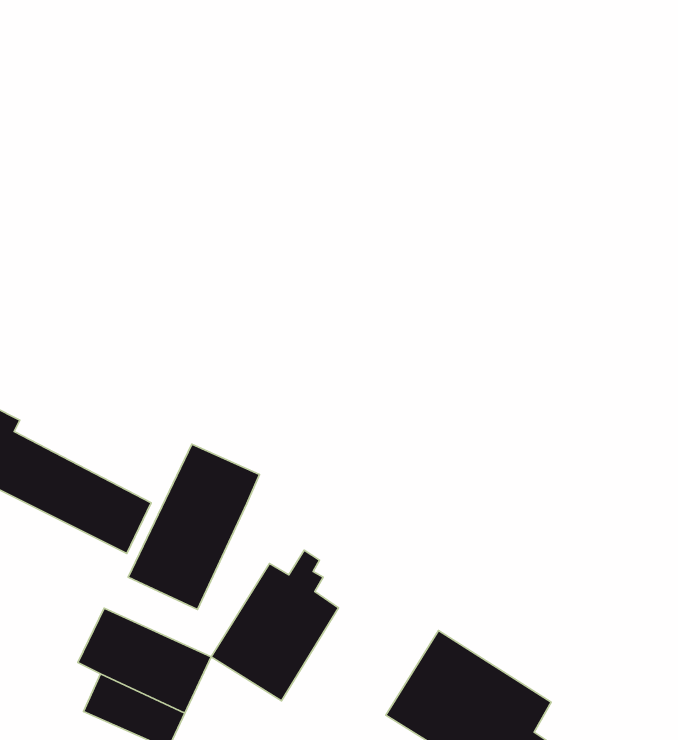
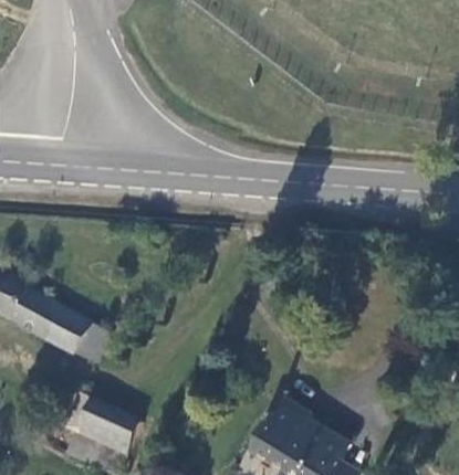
building: [128,444,260,610] -> none
building: [211,550,338,701] -> none

